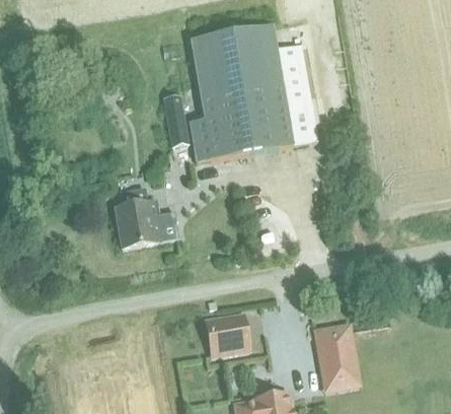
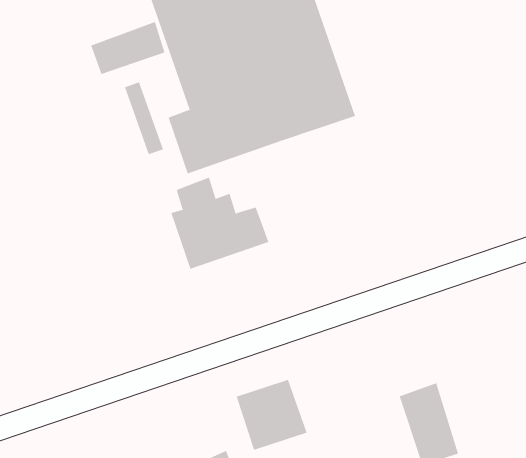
building: none -> [91,21,165,75]
building: [115,187,178,248] -> [171,177,269,270]

